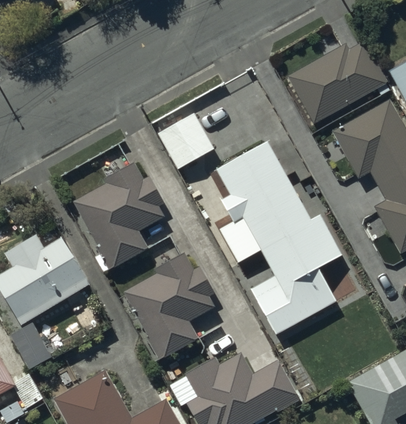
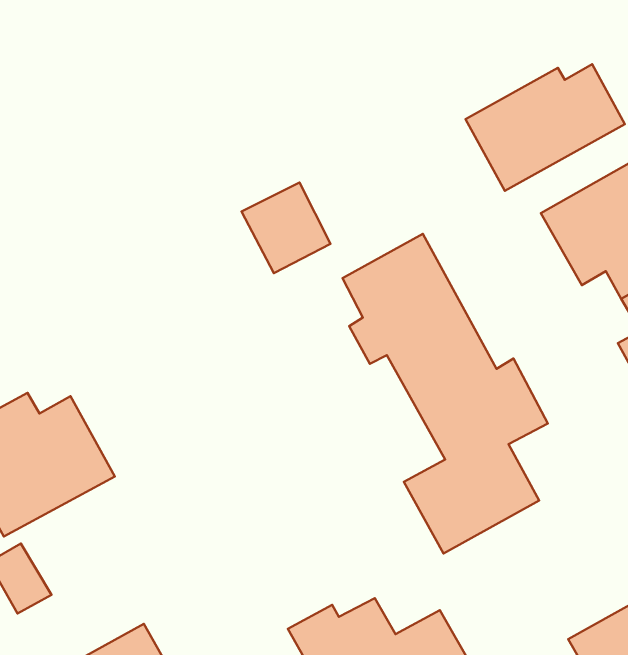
building: [76,167,159,268] -> none
building: [127,256,210,357] -> none

